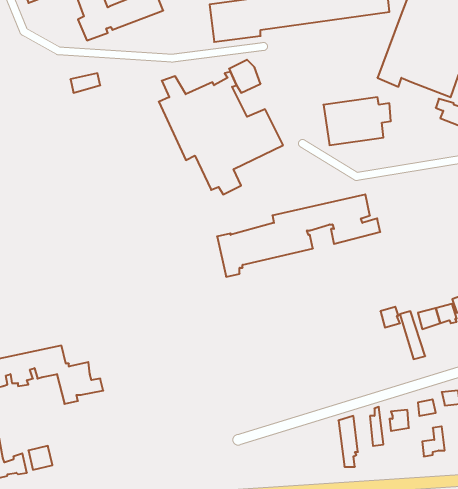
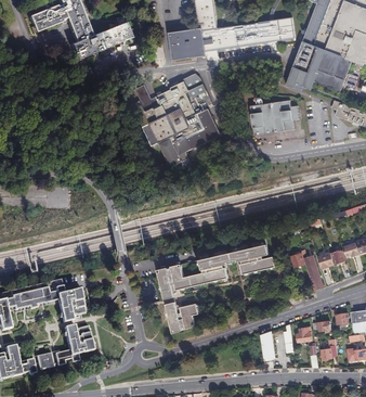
building: [217,194,380,277] -> [158,239,276,298]
building: none -> [166,302,199,333]
building: none -> [55,324,93,364]

